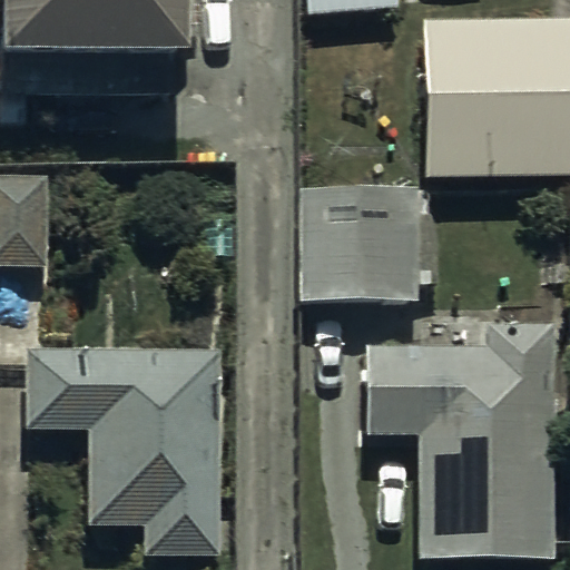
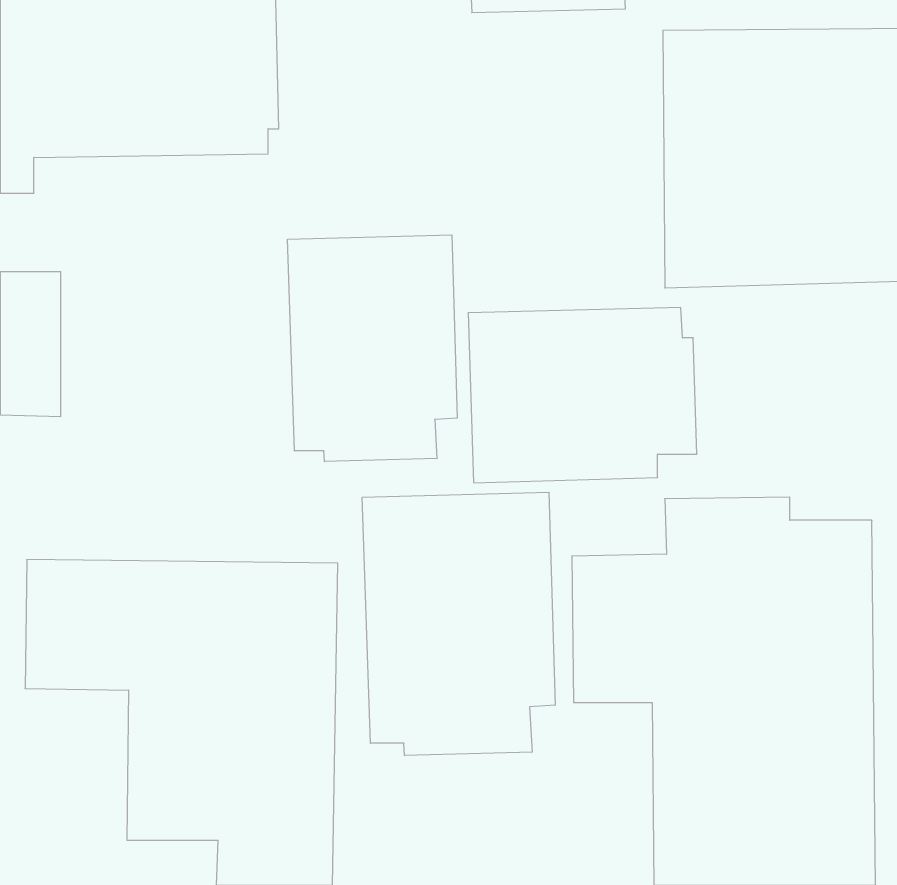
building: none -> [288,235,457,462]
building: none -> [362,492,555,756]

